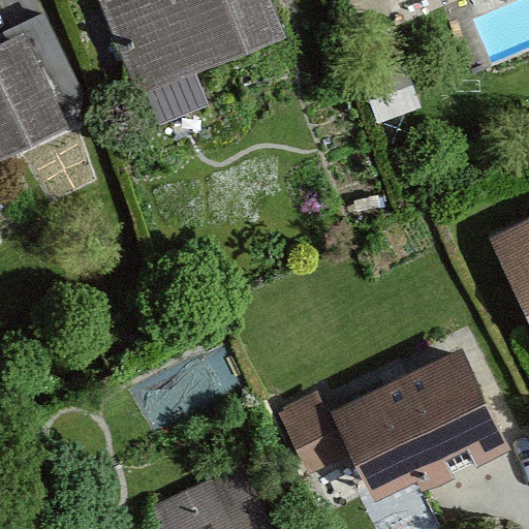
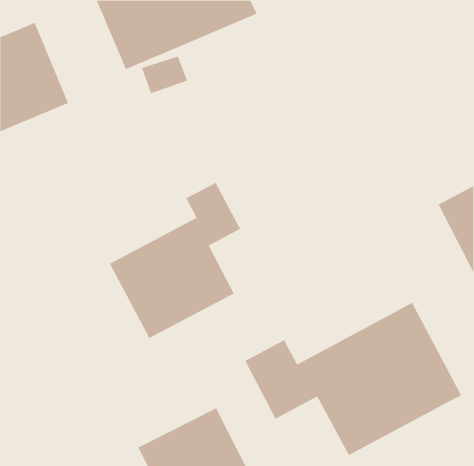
building: none -> [109,182,241,339]

